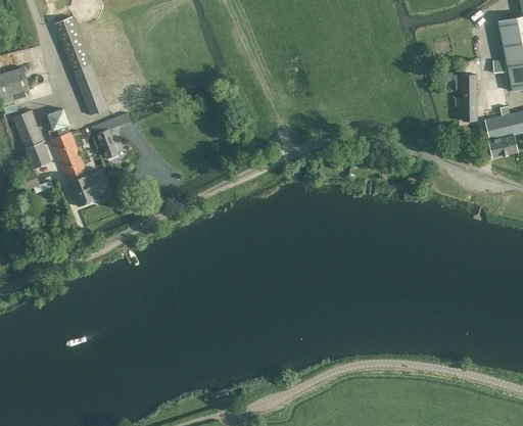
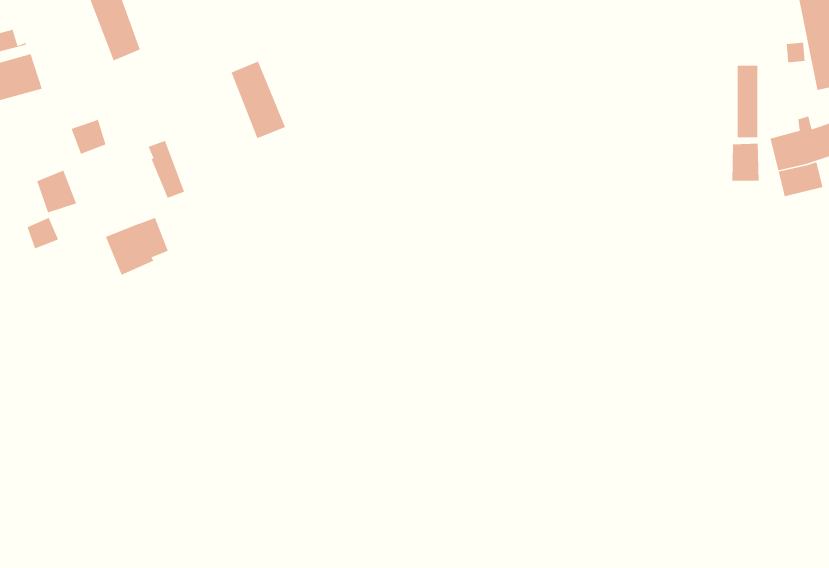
building: [74,65,108,114] -> [231,61,286,139]
building: [13,110,43,147] -> none
building: none -> [732,143,760,181]
building: [51,132,89,182] -> none

